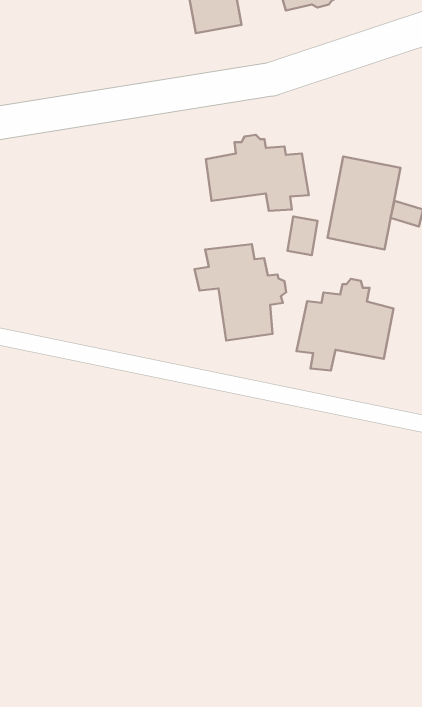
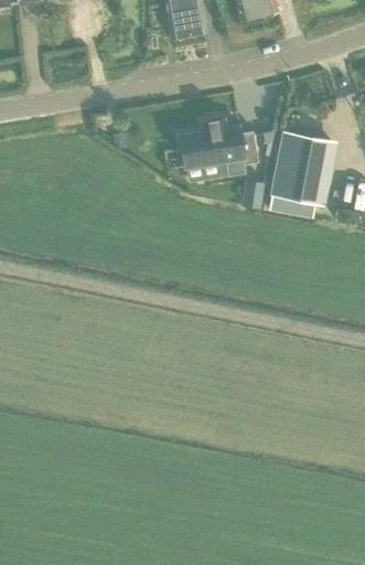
building: [195,244,286,340] -> none
building: [296,279,393,370] -> none

